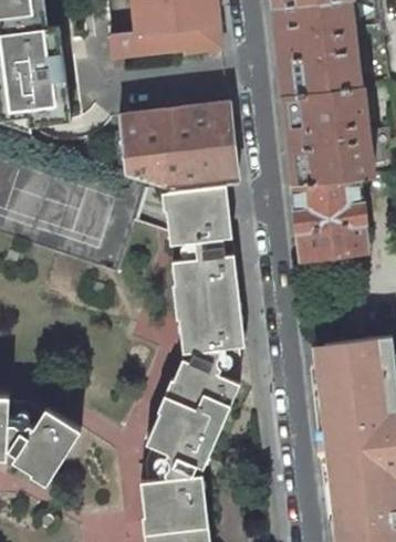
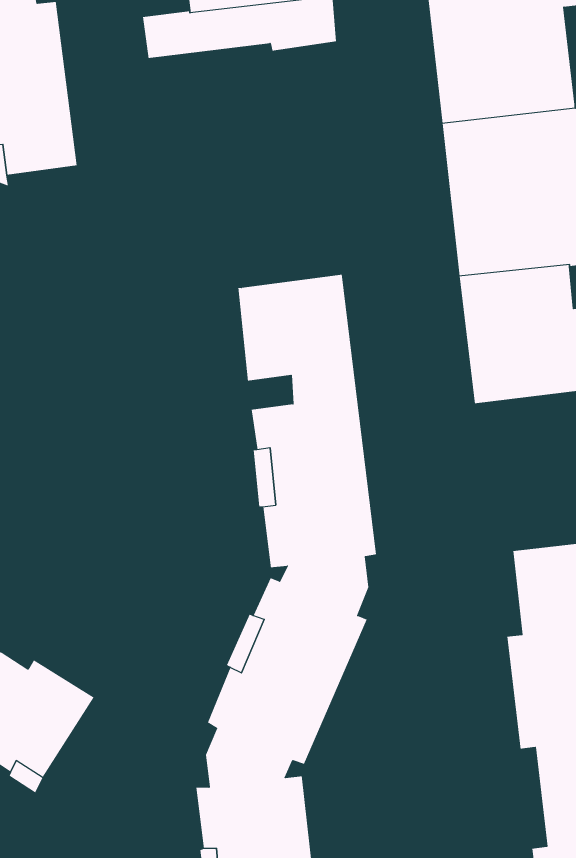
building: [117,100,241,190] -> none

